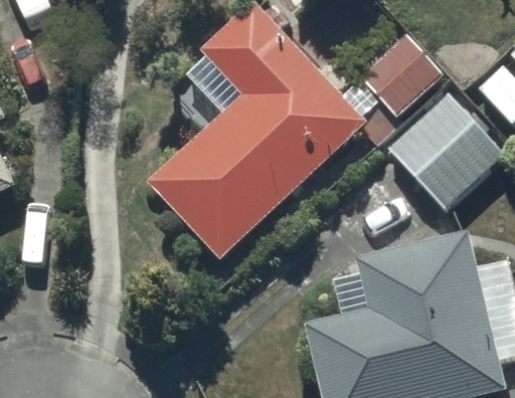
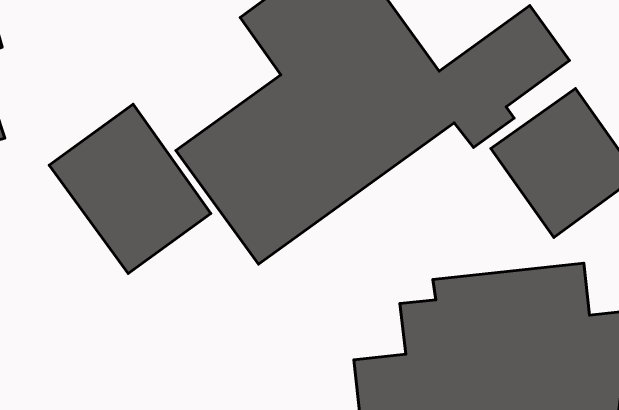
building: none -> [49,104,211,274]

